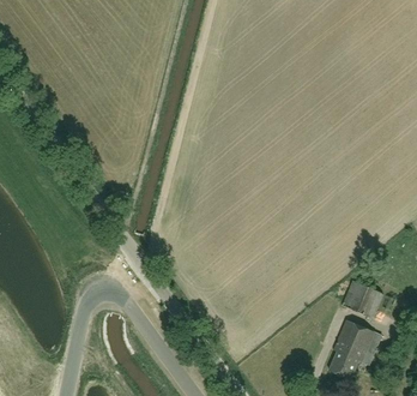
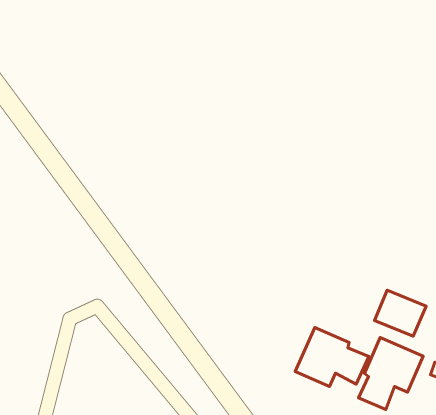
building: none -> [295,327,369,387]

